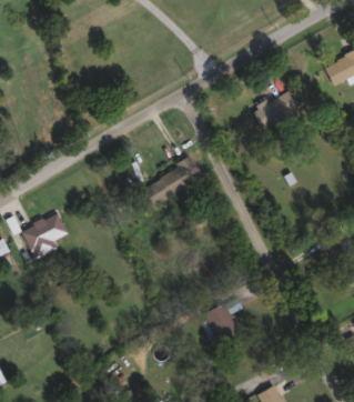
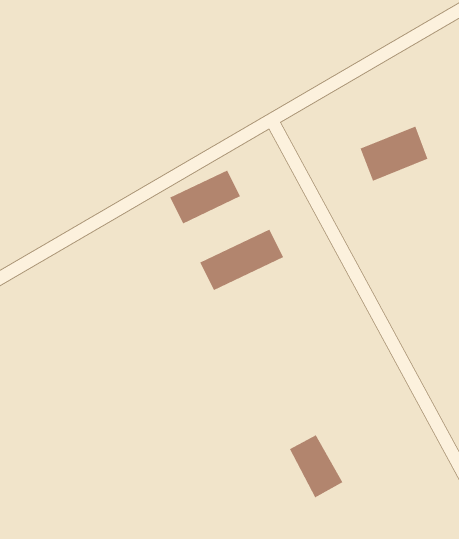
building: none -> [169,169,241,225]
building: [21,212,67,259] -> none

